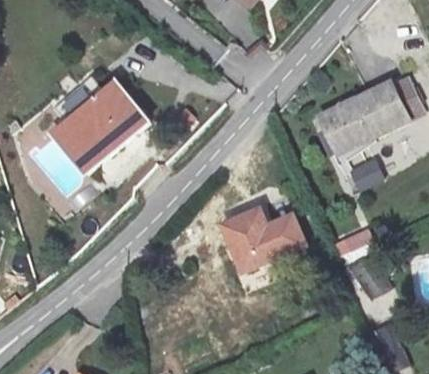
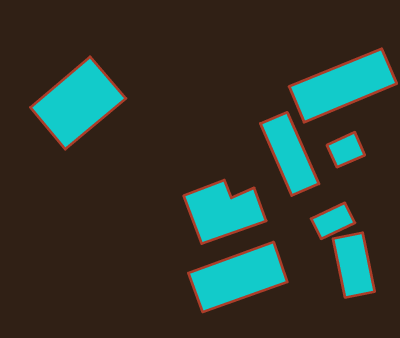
building: none -> [260,112,319,196]
building: none -> [188,242,287,312]

